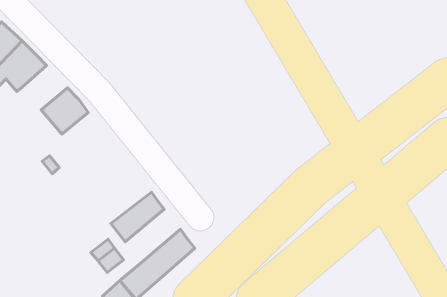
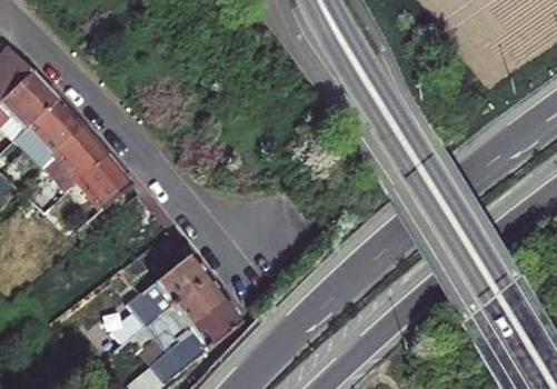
building: none -> [22,98,84,158]
building: none -> [78,156,129,205]
building: none -> [156,275,223,340]

